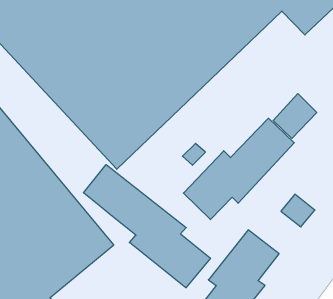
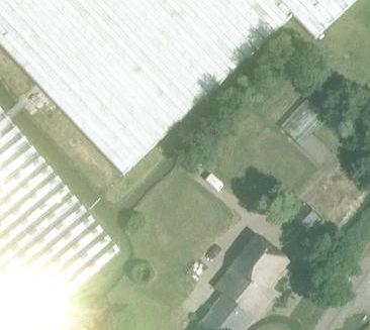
building: [183,118,294,220] -> none
building: [83,165,210,288] -> none

